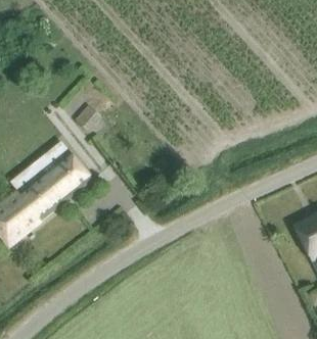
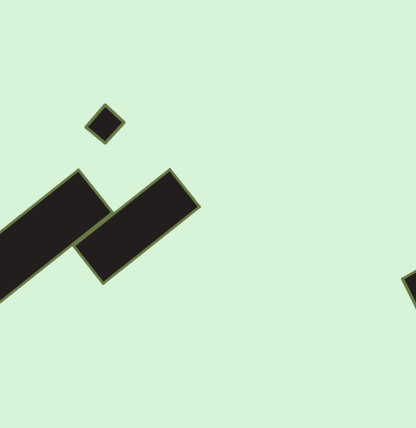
building: none -> [74,169,200,283]

